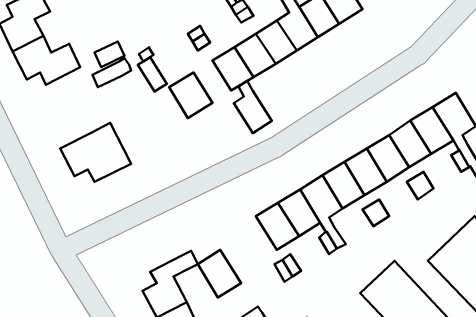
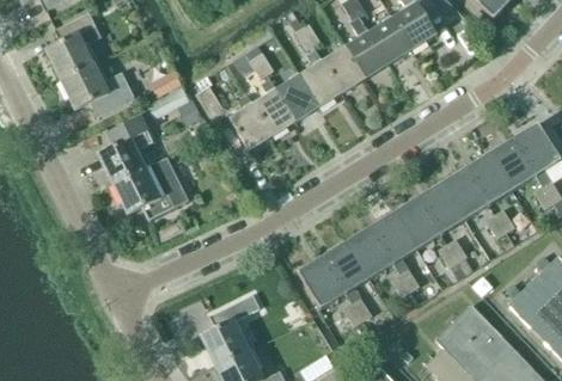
building: [234,81,272,133] -> [256,78,297,134]
building: none -> [98,116,153,183]
building: [198,250,241,298] -> [299,256,346,307]

